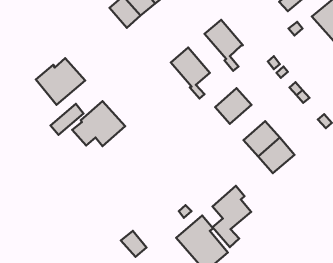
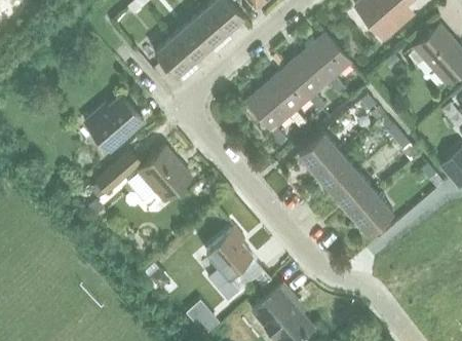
building: none -> [305,33,350,93]
building: none -> [154,36,193,75]
building: none -> [266,67,311,127]
building: none -> [315,151,357,193]
building: [212,186,251,247] -> [206,227,253,300]

